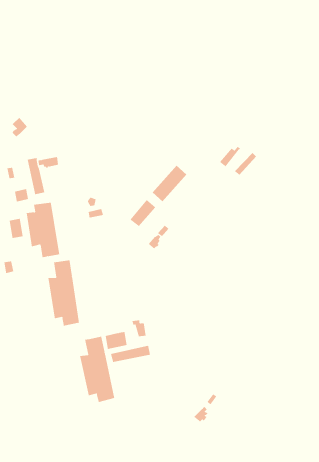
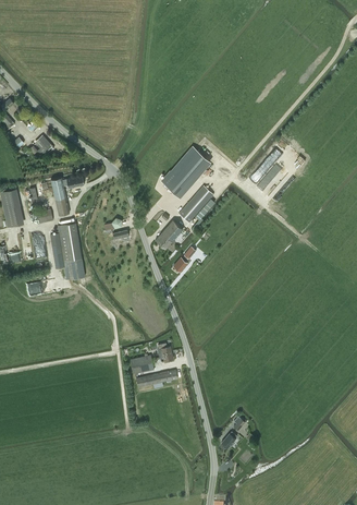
building: none -> [162,145,206,192]
building: [48,260,79,327] -> none
building: [79,336,115,403] -> none

